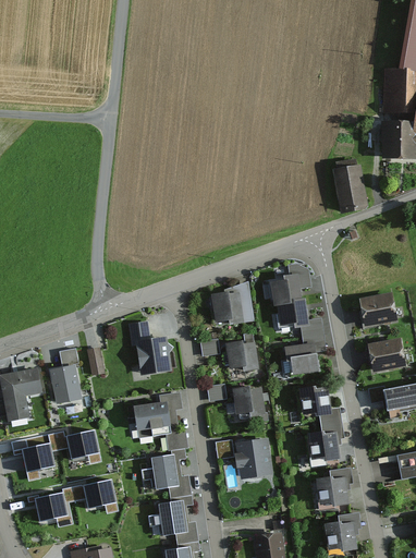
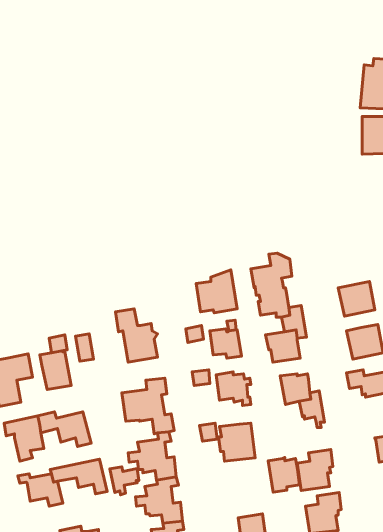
building: [333,165,366,211] -> none
building: [306,432,339,468] -> [268,458,300,492]
building: none -> [110,467,139,495]

